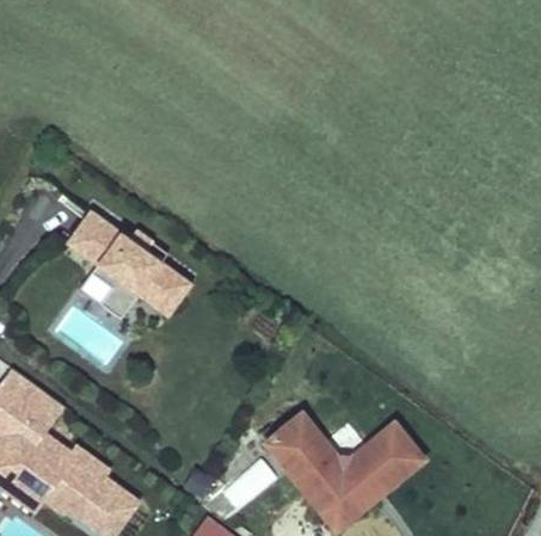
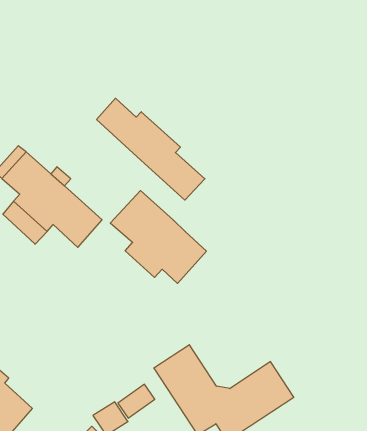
building: none -> [97,98,205,200]
building: none -> [110,191,206,283]

